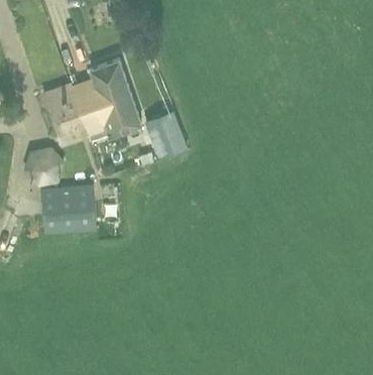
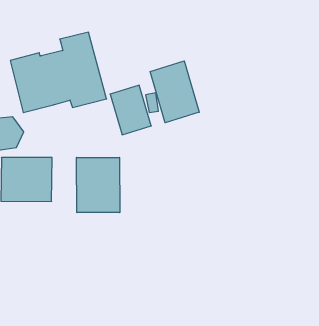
building: none -> [150,61,199,123]
building: none -> [77,157,120,213]

